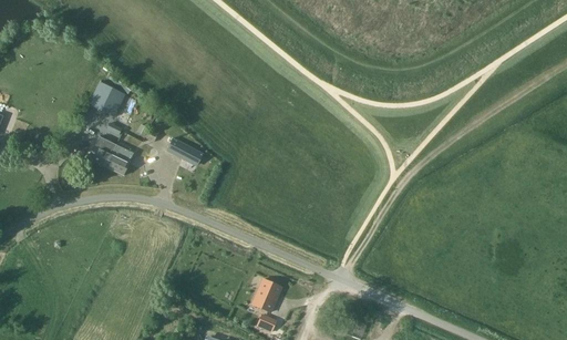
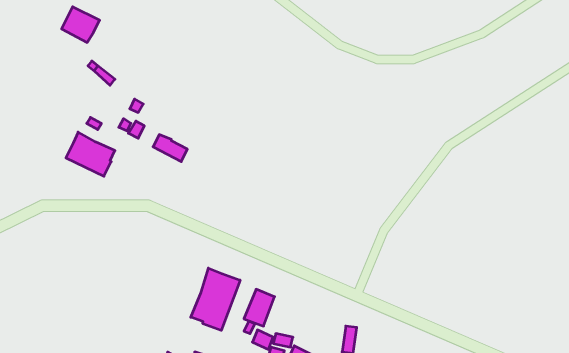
building: [91,82,125,114] -> [62,7,100,42]
building: none -> [191,268,240,330]

